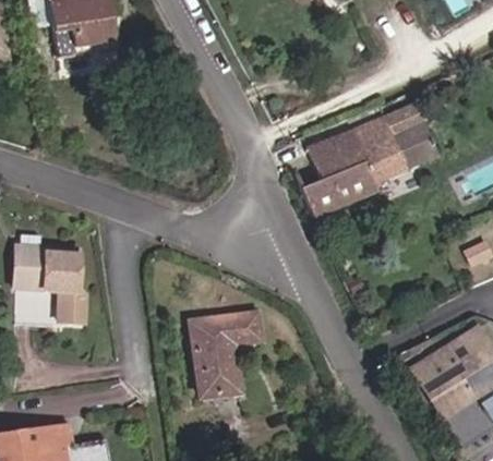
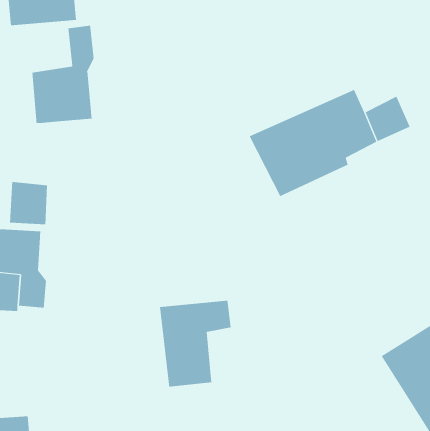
building: none -> [32,25,94,124]
building: none -> [10,181,47,225]

